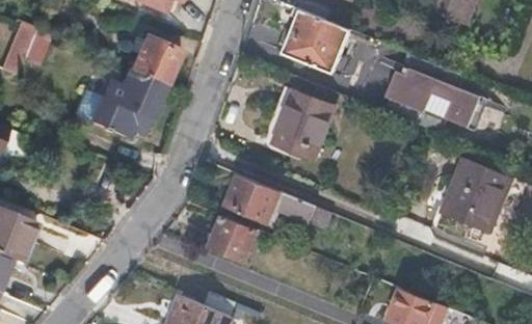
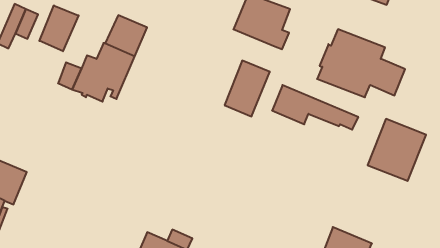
building: none -> [39,5,79,51]
building: [229,174,331,227] -> [272,85,358,130]
building: [211,216,258,262] -> none

